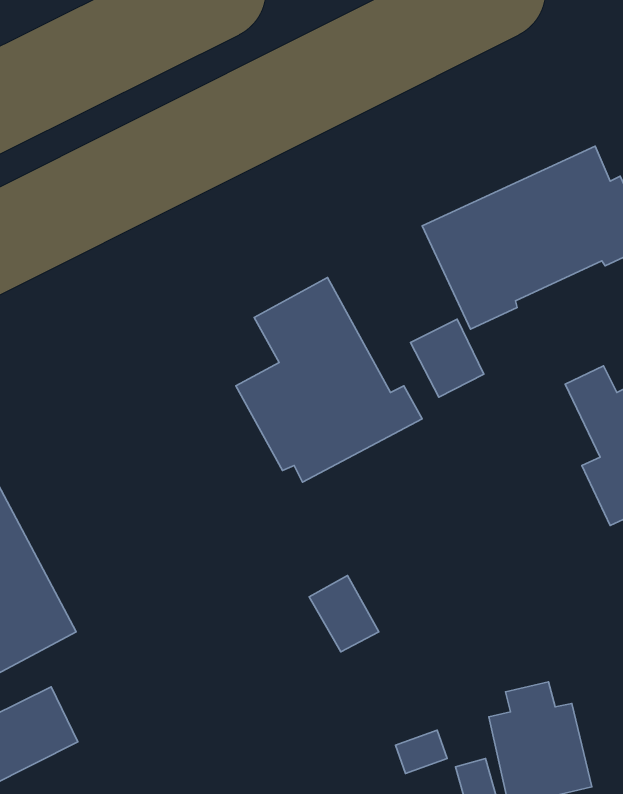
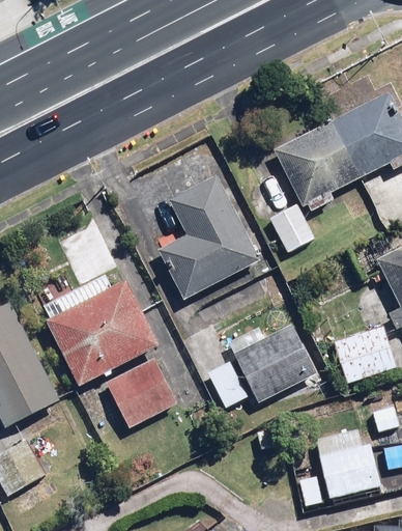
building: none -> [41,281,155,387]
building: none -> [232,323,320,406]
building: none -> [335,327,395,383]
building: none -> [104,357,179,431]

